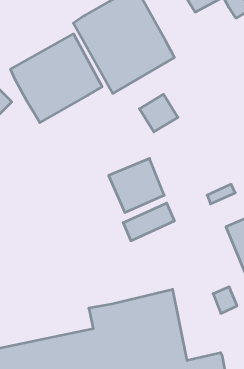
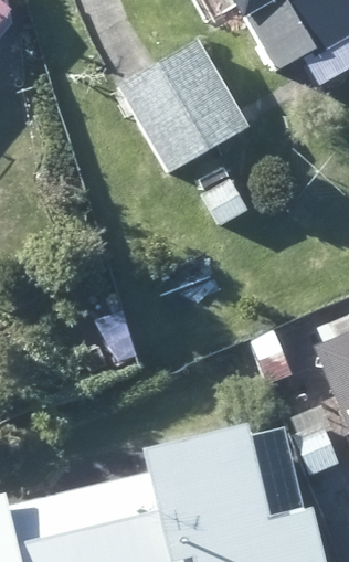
building: [11,34,102,123] -> none

